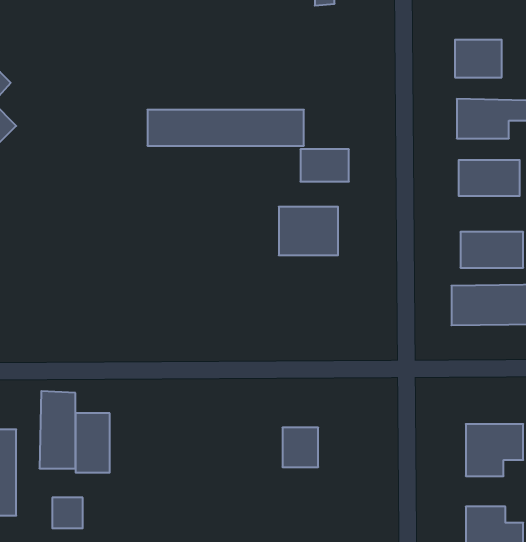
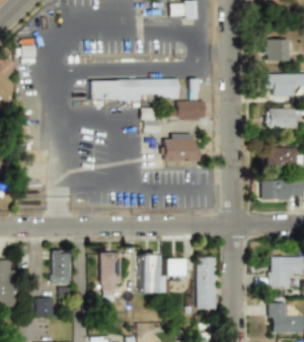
building: [39,391,75,468] -> [99,252,120,295]
building: none -> [139,255,161,292]
building: none -> [197,257,216,310]

